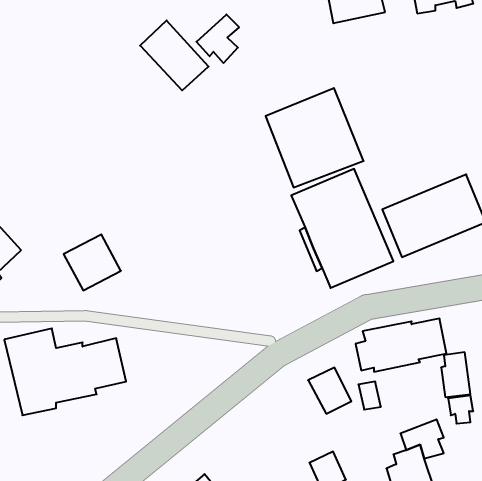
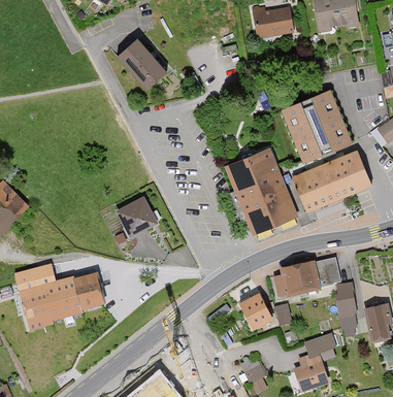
building: [196,14,239,63] -> none
building: [266,88,364,187] -> [283,91,355,164]
building: [64,234,121,290] -> [114,197,157,238]

